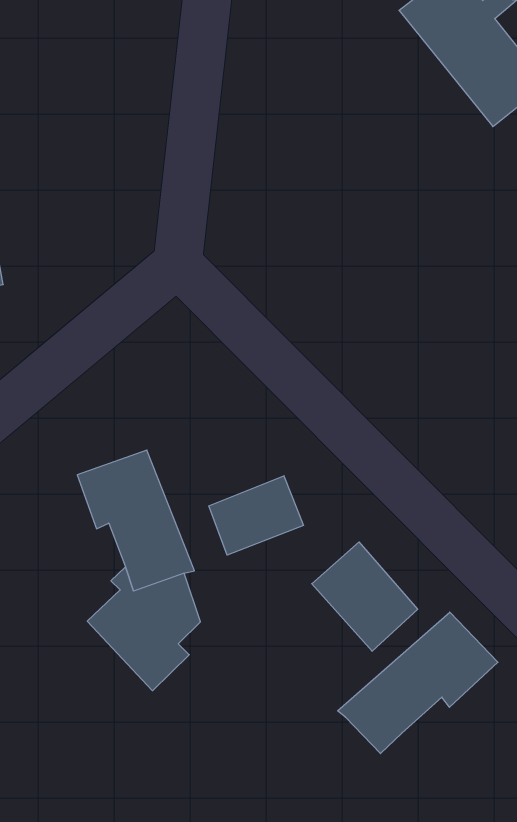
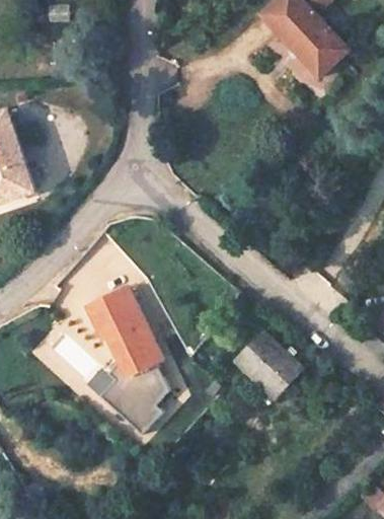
building: [209,476,304,555] -> none
building: [338,612,498,754] -> none

